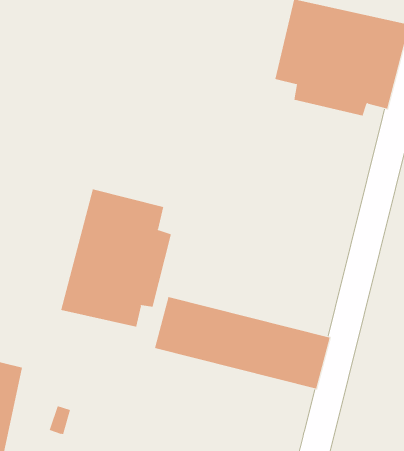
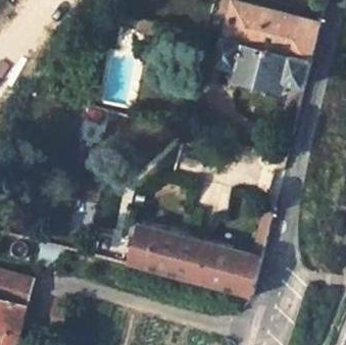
building: [60,189,171,328] -> none

